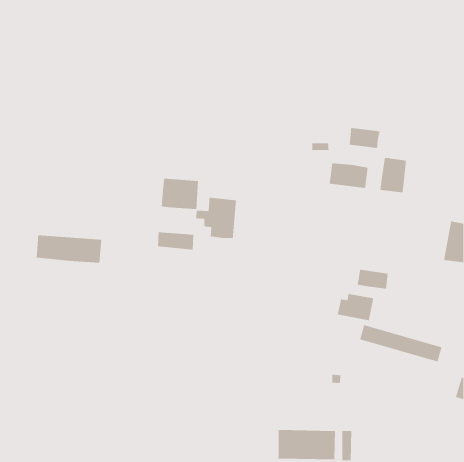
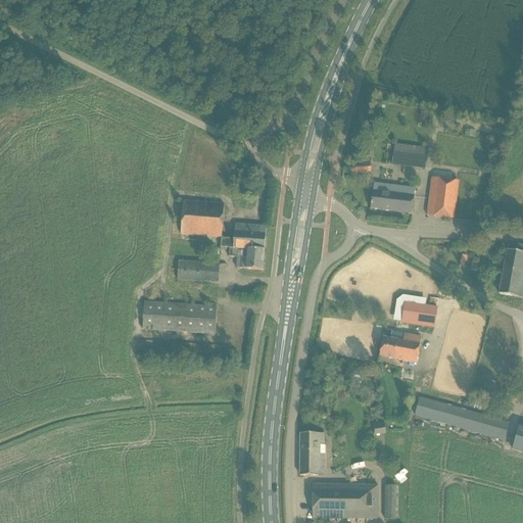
building: [36,235,102,264] -> [142,300,217,333]
building: [359,324,443,362] -> [415,396,509,439]
building: none -> [300,432,324,474]

